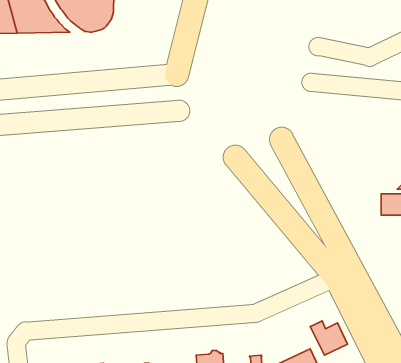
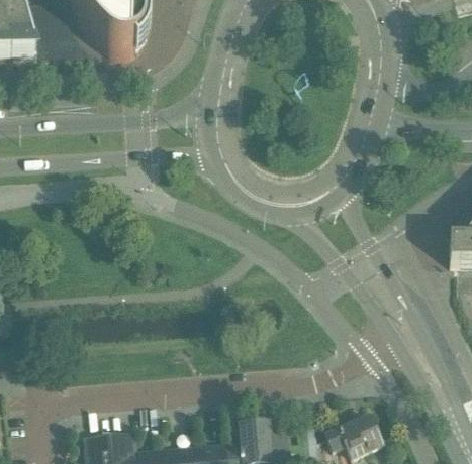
building: [310,321,348,355] -> none

